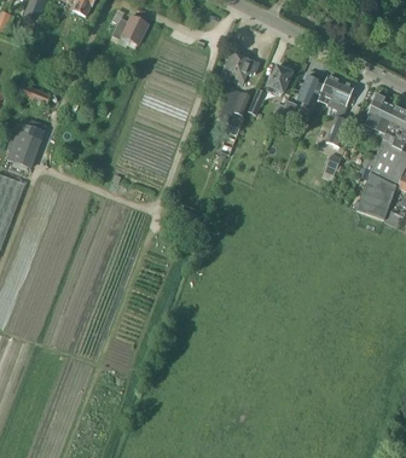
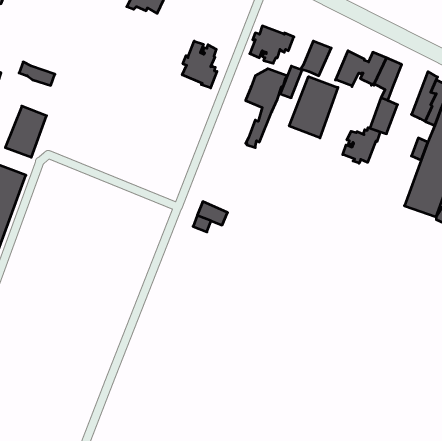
building: none -> [182,41,217,88]
building: none -> [289,77,338,138]
building: none -> [343,128,380,163]

